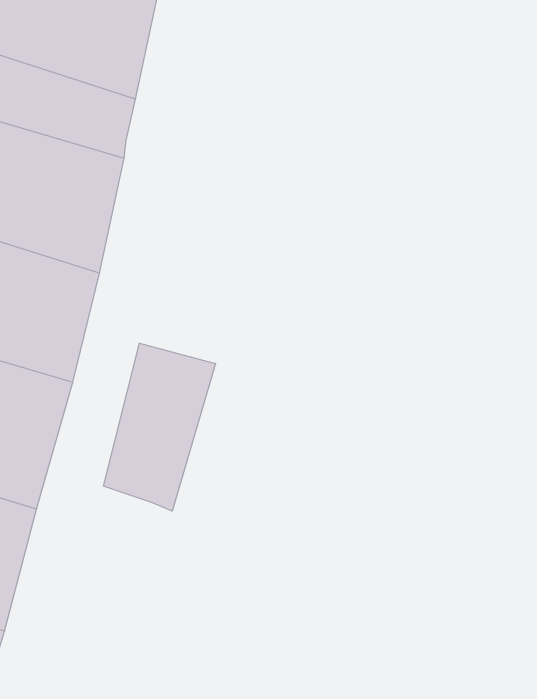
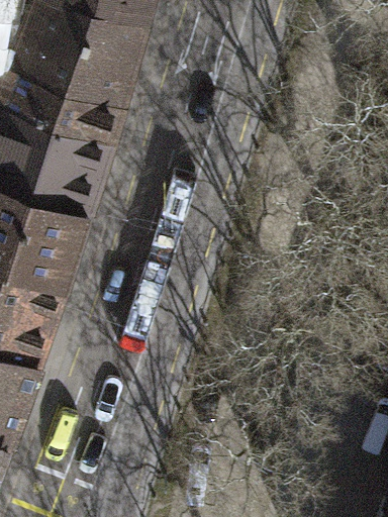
building: [103,343,216,511] -> none

